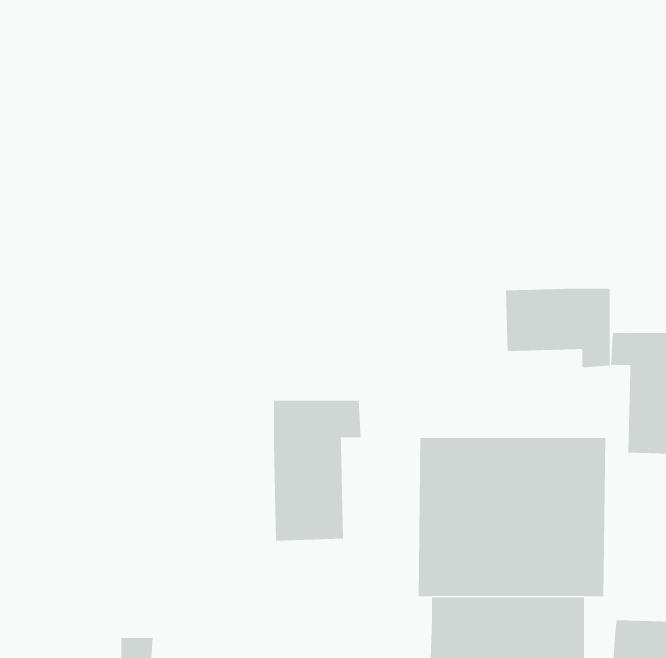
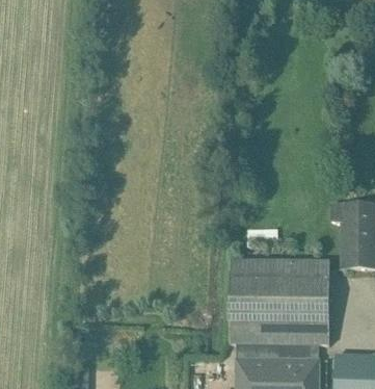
building: [505,288,610,368] -> none
building: [274,400,361,542] -> none

